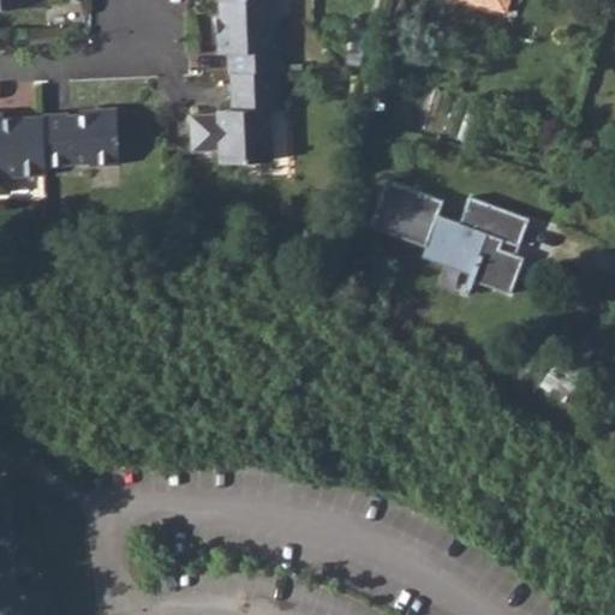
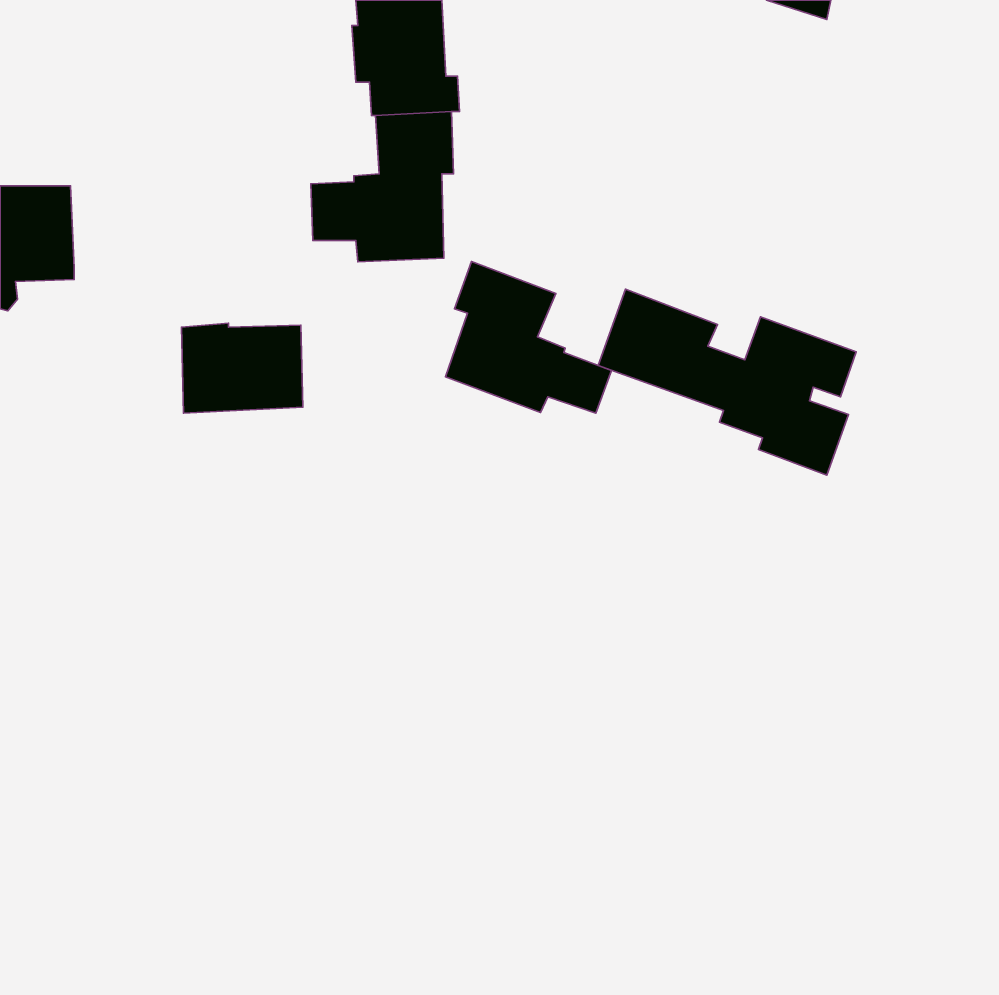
building: [44,112,119,167] -> [181,323,303,413]
building: none -> [445,262,611,413]

